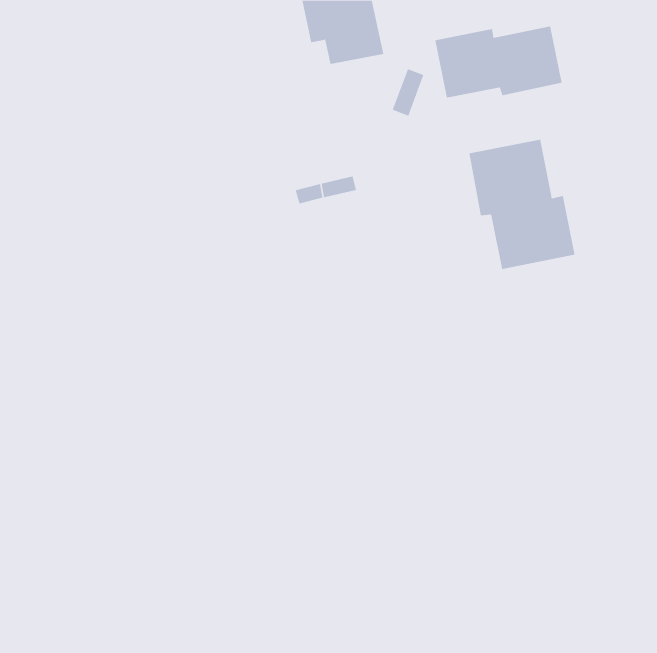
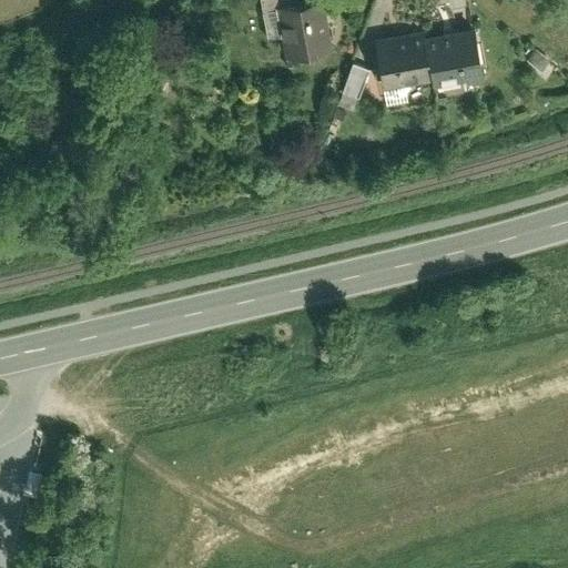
building: [469,139,575,270] -> none

